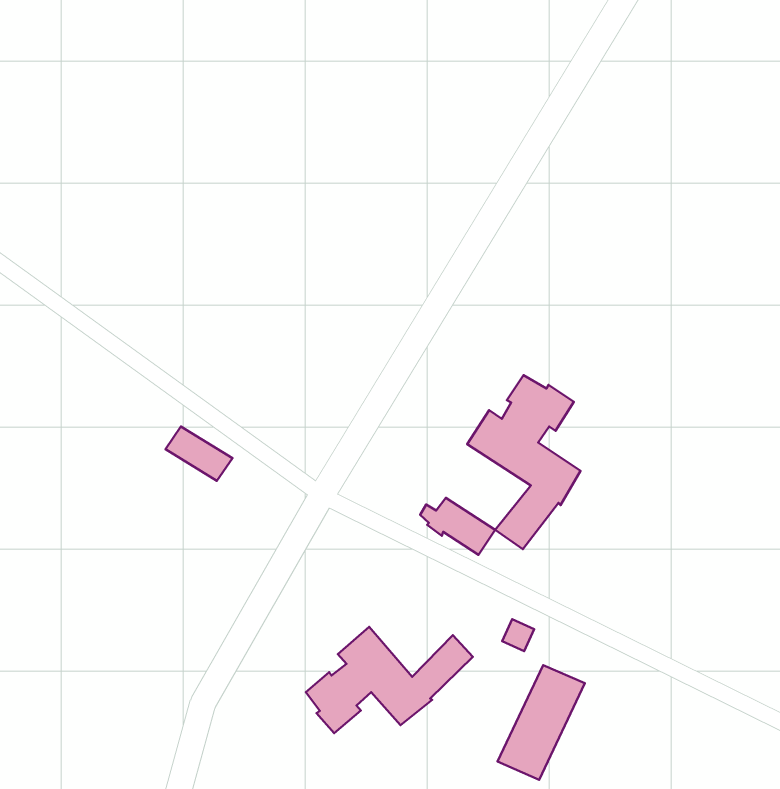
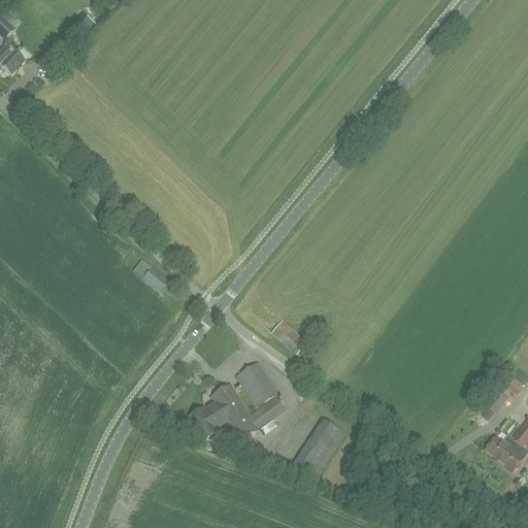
building: [467,375,581,549] -> none
building: none -> [235,360,275,404]

